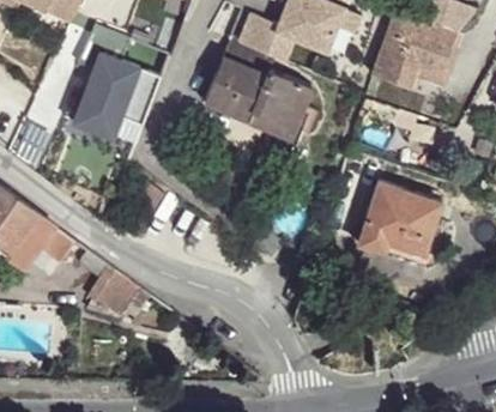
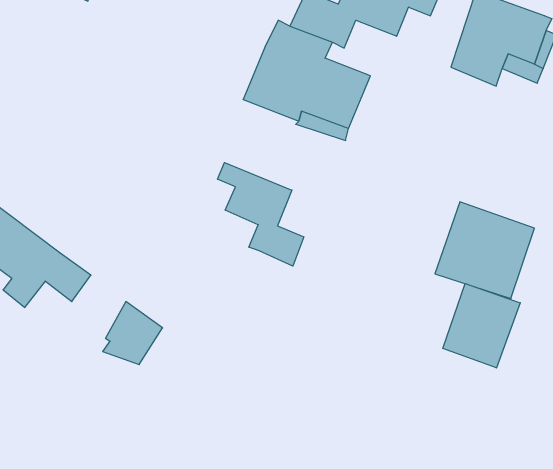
building: [73,26,159,138] -> none
building: none -> [218,163,304,266]
building: none -> [443,284,520,368]

